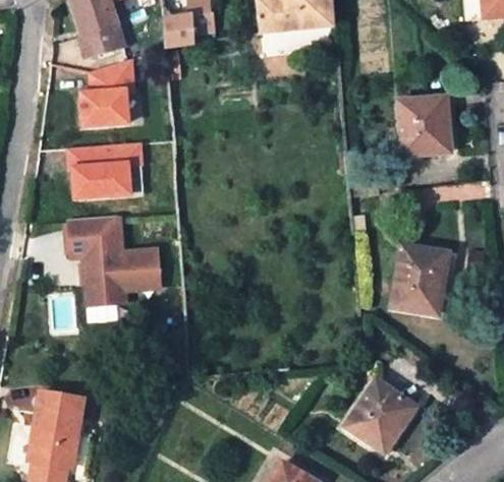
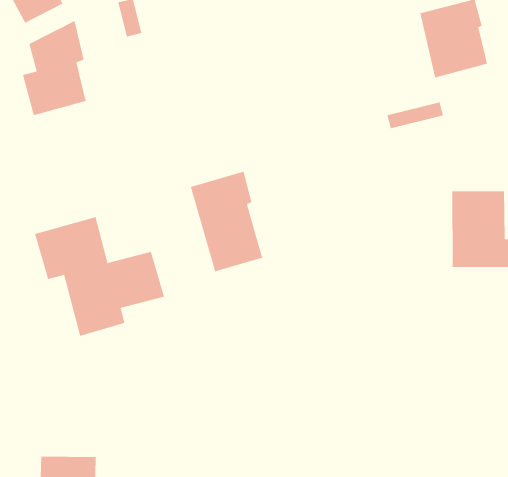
building: [67,142,139,197] -> none
building: none -> [190,171,263,272]
building: [346,378,412,453] -> none

